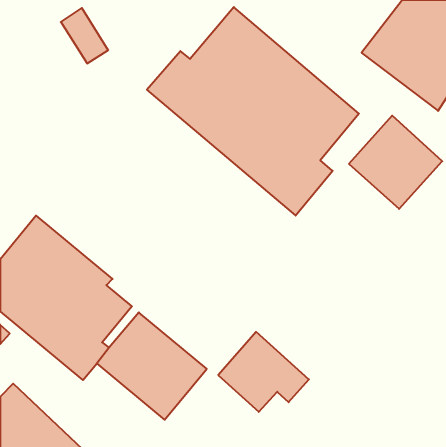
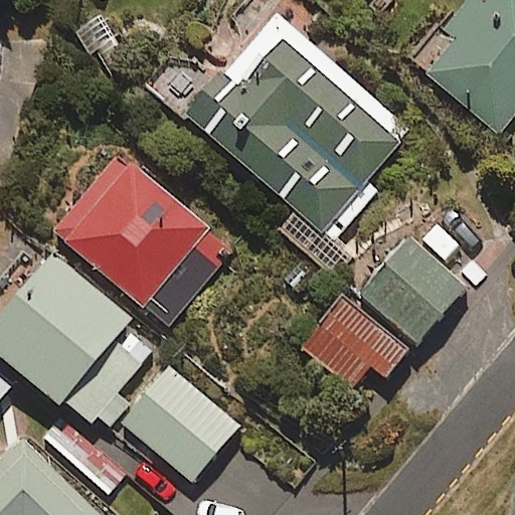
building: [349,116,442,209] -> [358,236,465,343]
building: none -> [52,150,236,329]
building: [218,332,309,412] -> [302,296,405,387]

